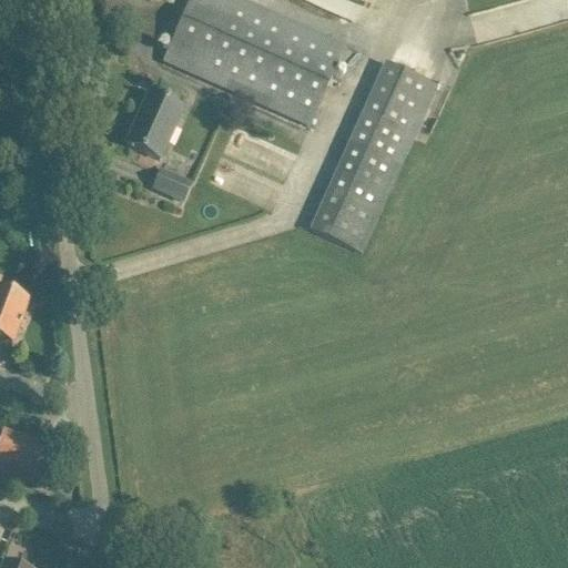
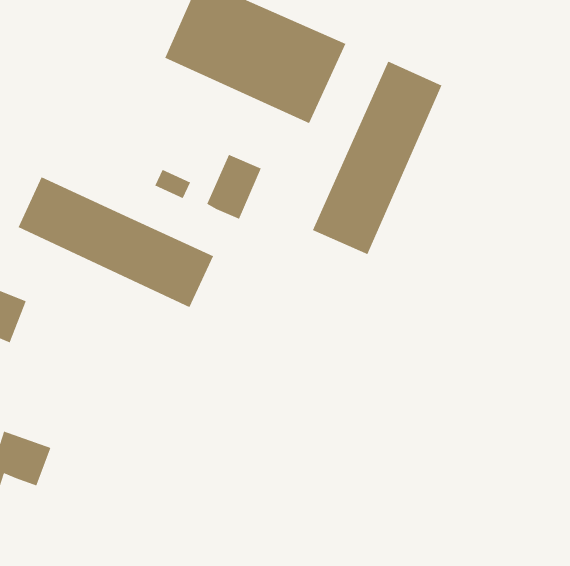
building: [125,91,181,156] -> [206,154,262,220]
building: none -> [18,176,214,308]

